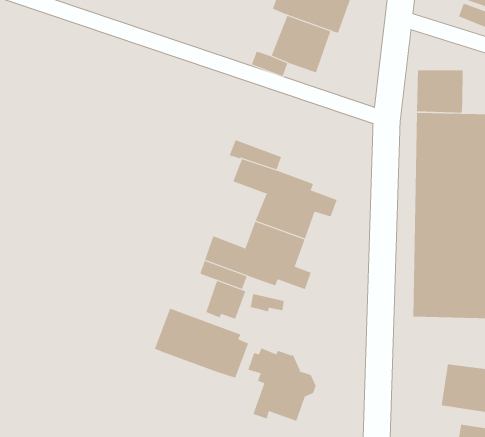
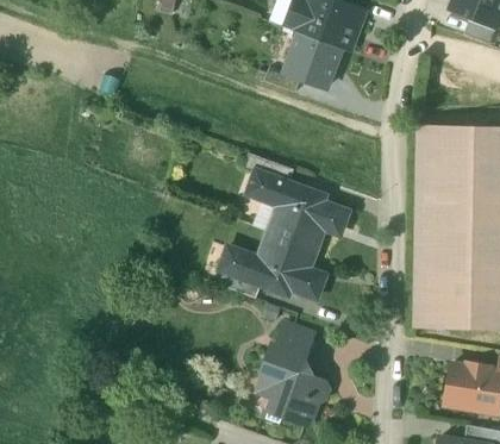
building: [417,69,463,114] -> none
building: [205,280,246,320] -> [274,323,313,361]
building: [154,308,249,378] -> none

